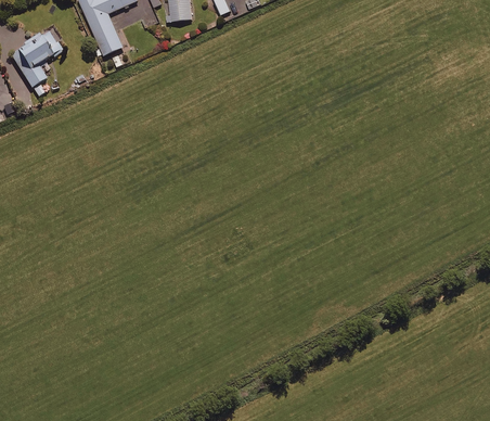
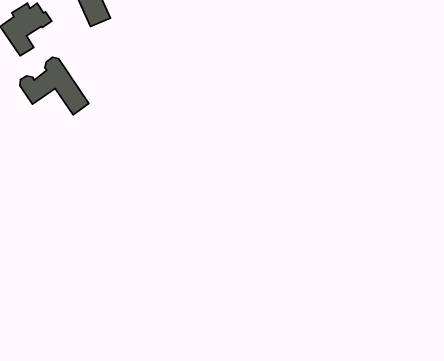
building: none -> [20,57,89,115]

